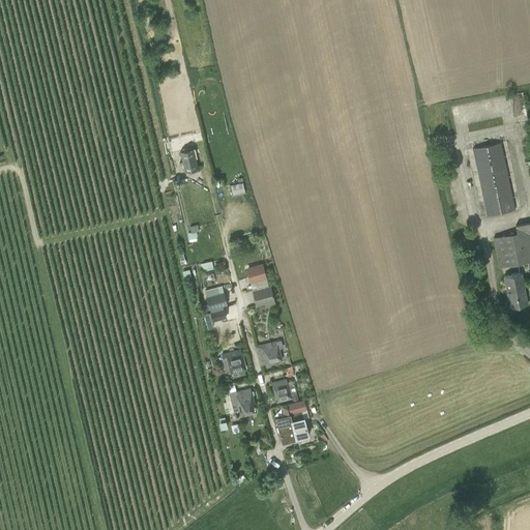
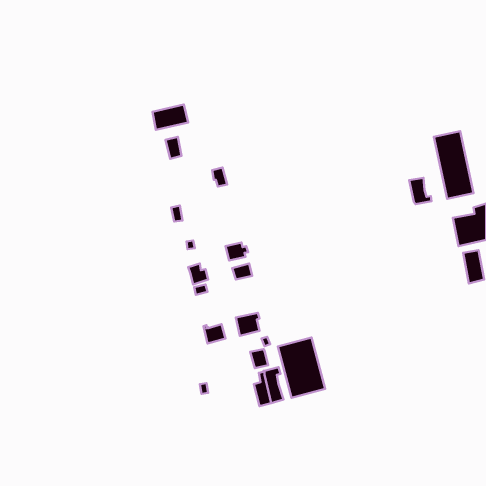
building: none -> [153,105,188,130]
building: none -> [409,178,431,204]
building: none -> [278,337,325,398]
building: [229,391,255,412] -> none

